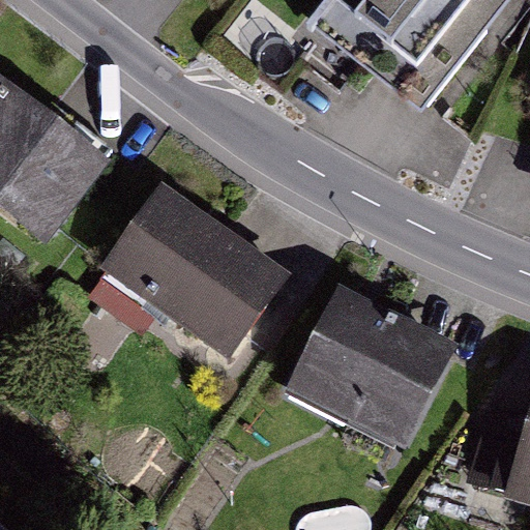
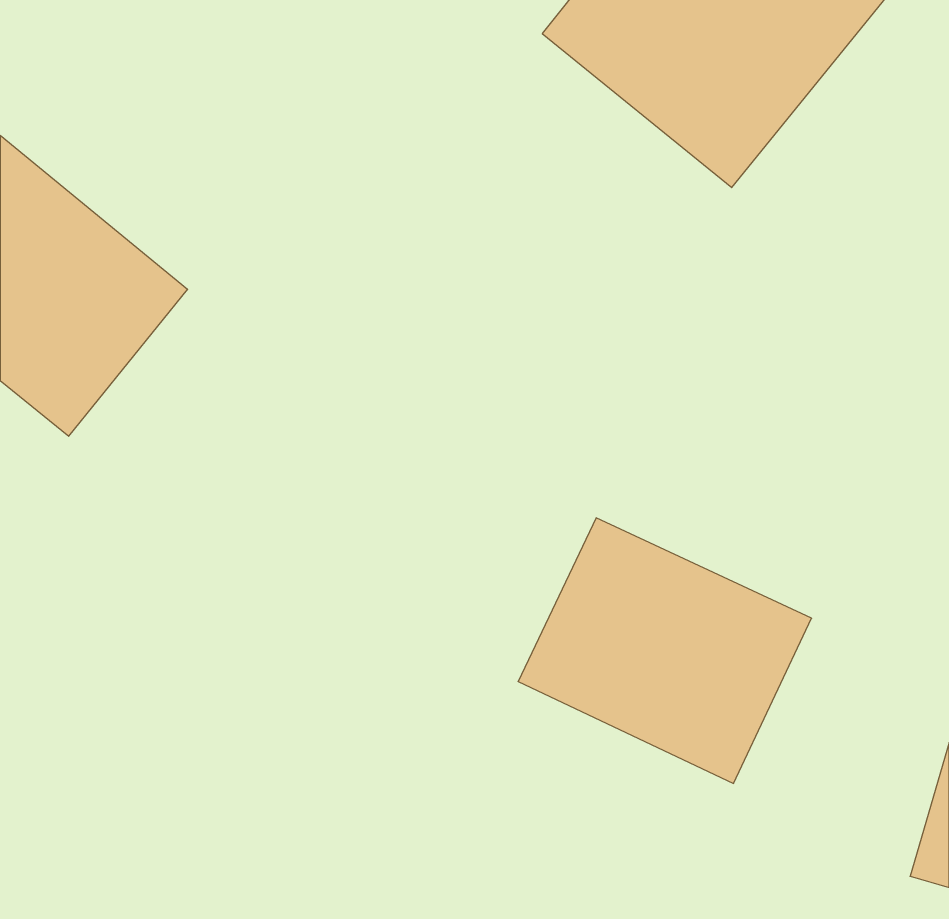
building: [107,197,296,371] -> none

